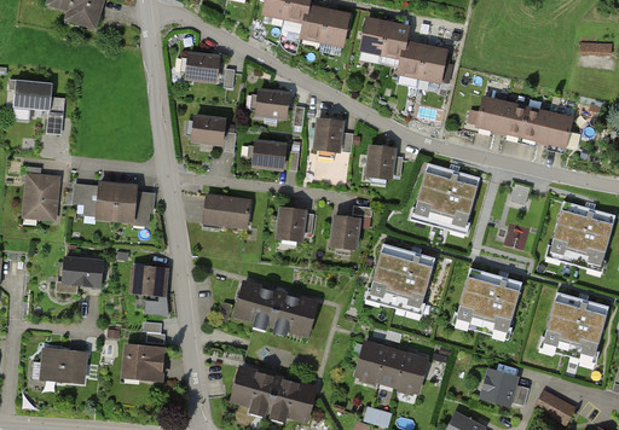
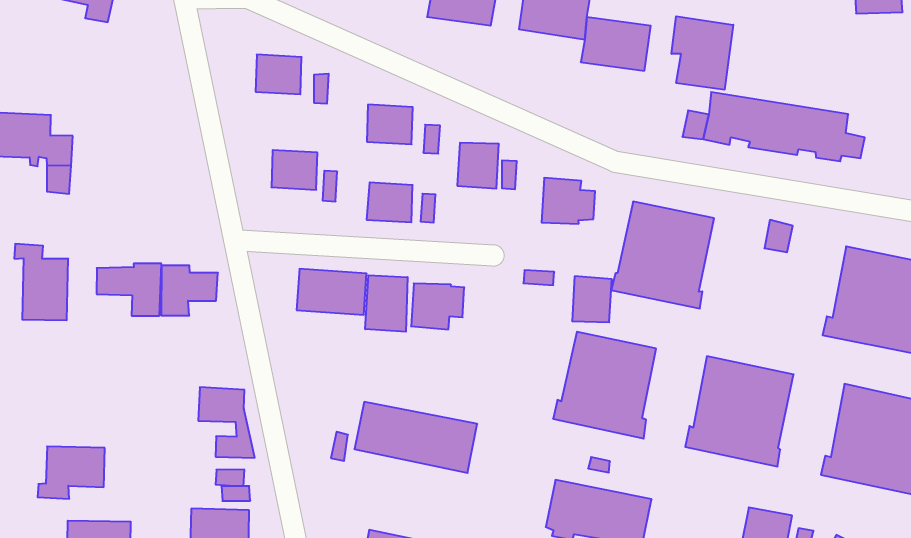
building: none -> [672,16,733,90]
building: none -> [365,275,408,332]
building: [331,215,359,246] -> [572,276,612,322]
building: [56,256,102,291] -> [38,446,105,499]

